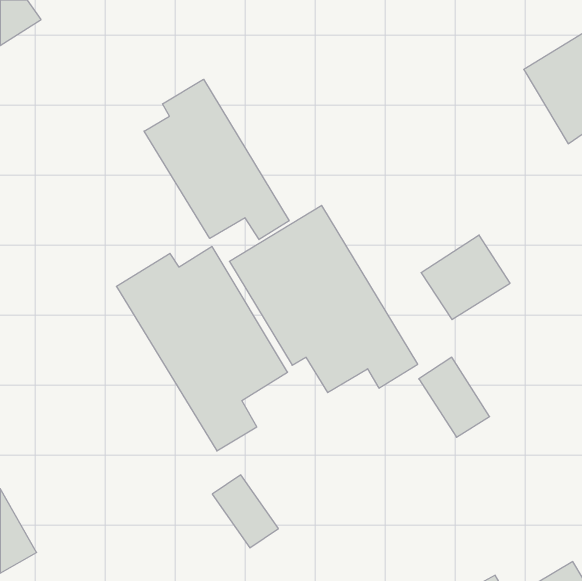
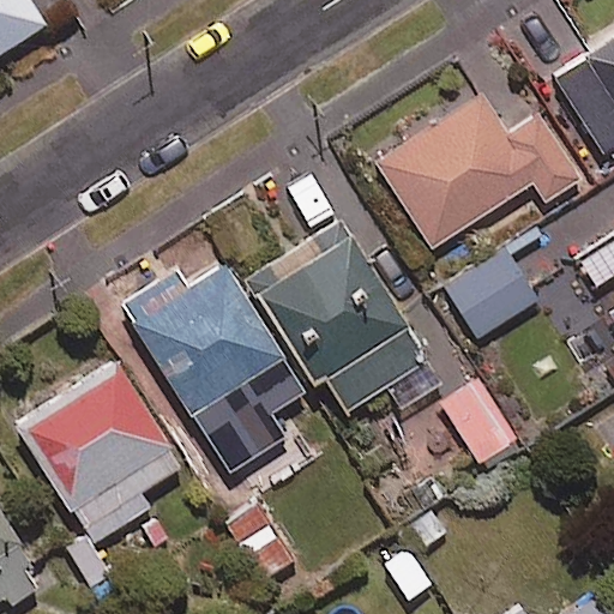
building: [144,79,289,240] -> none
building: none -> [374,92,580,249]
building: none -> [23,367,180,543]

